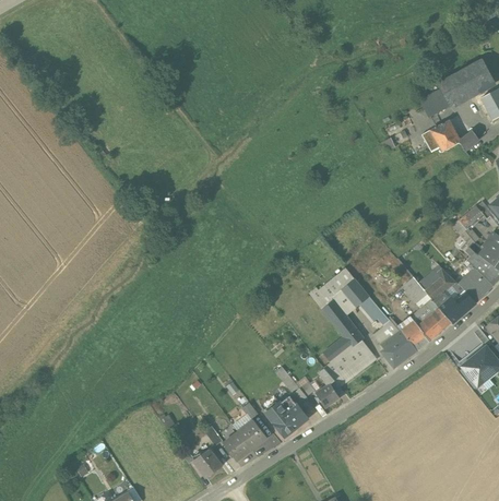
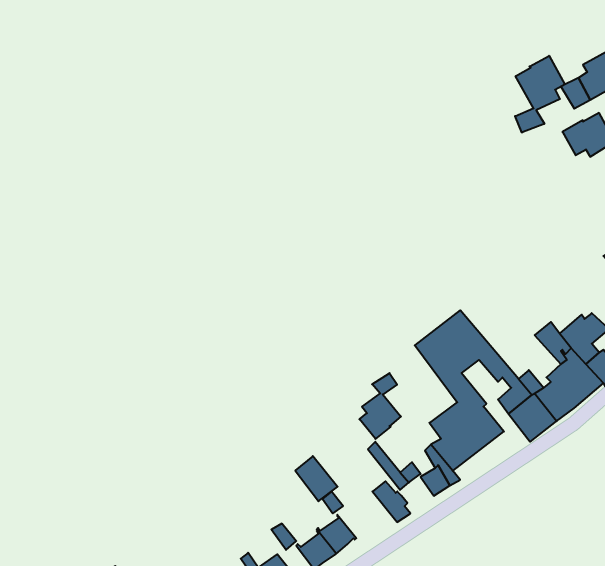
building: none -> [515,56,565,133]
building: none -> [359,373,401,439]
building: [266,403,298,437] -> [295,456,338,501]

